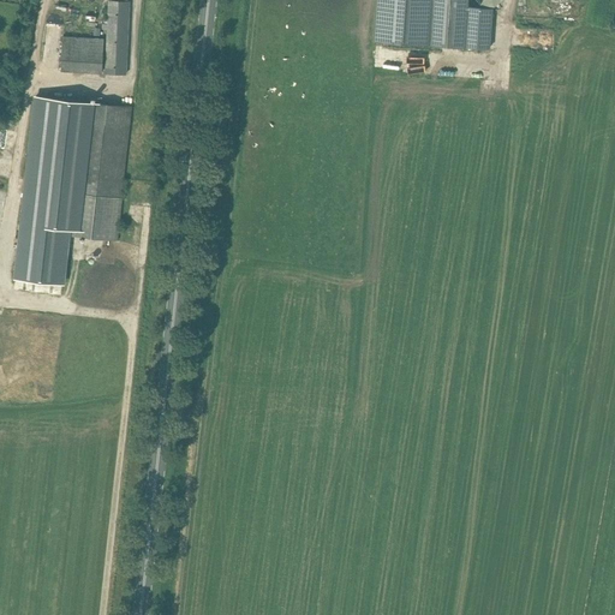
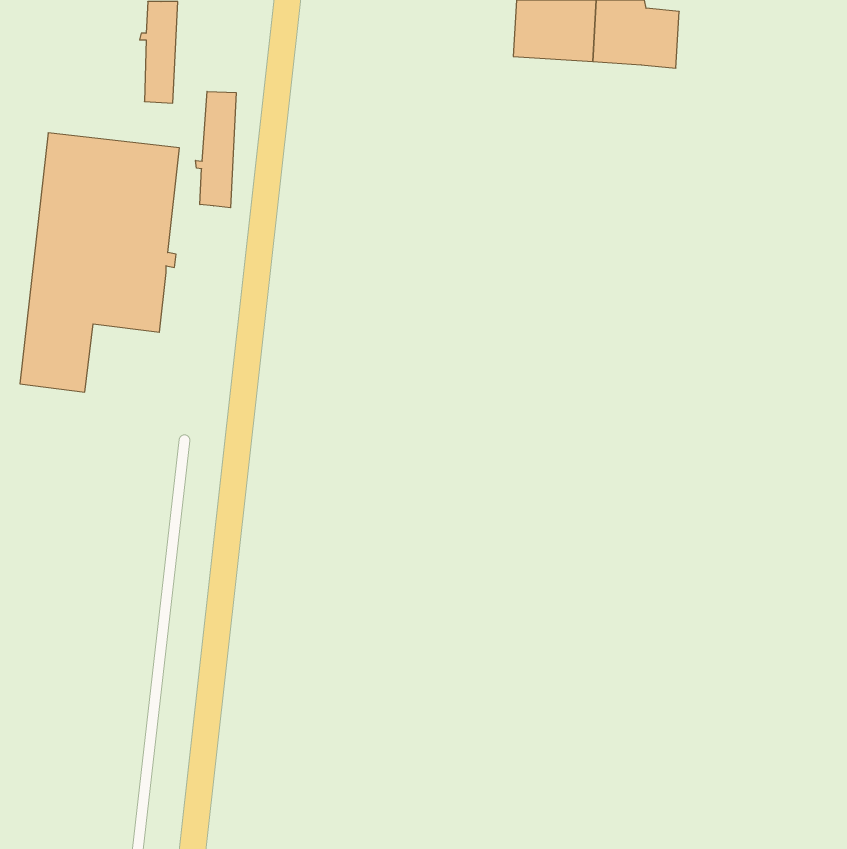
building: [60,36,102,72] -> none
building: none -> [196,91,236,208]

